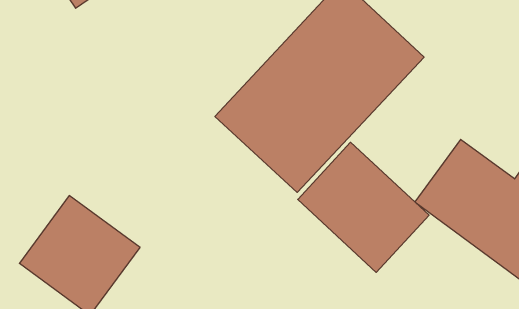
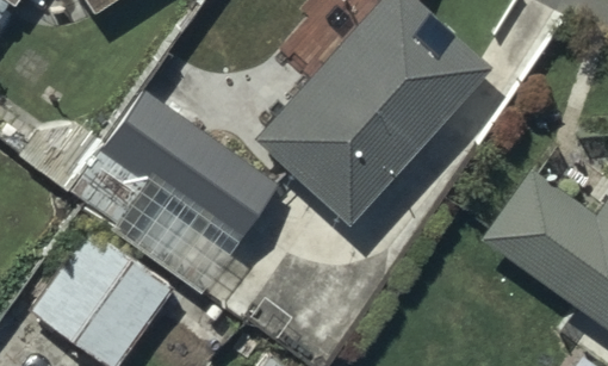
building: none -> [68,88,277,242]
building: [298,142,429,272] -> none

